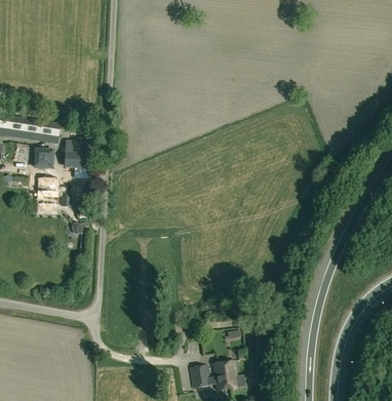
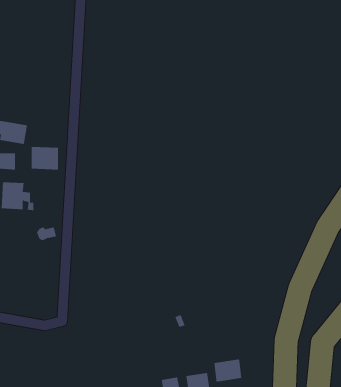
building: none -> [214,358,242,383]

